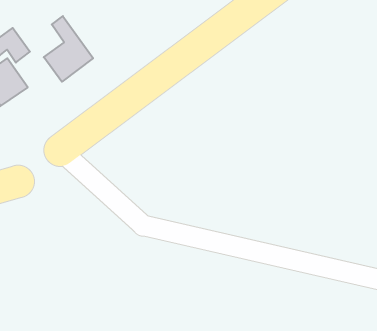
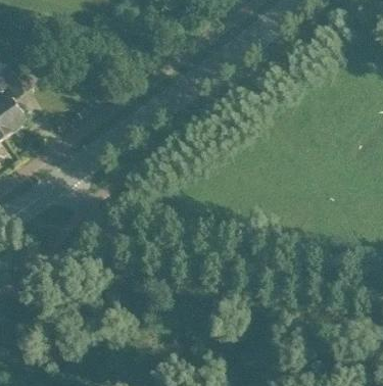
building: [44,16,93,82] -> none

